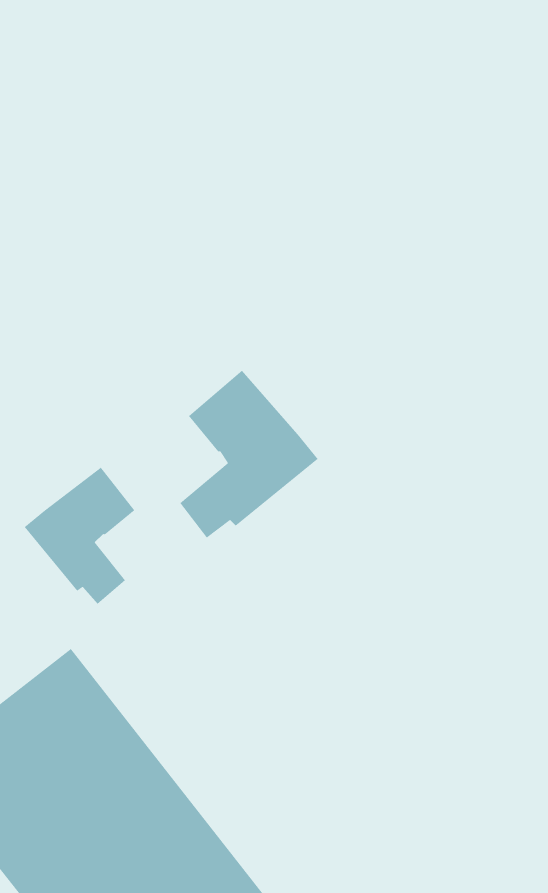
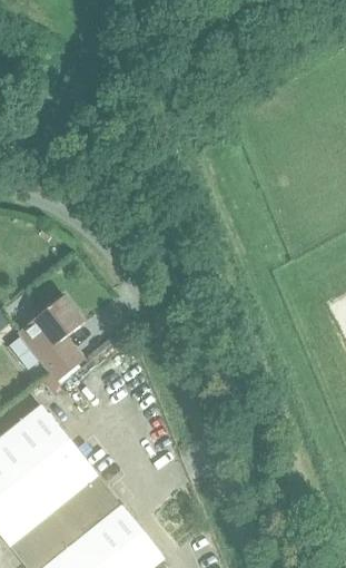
building: [179,370,319,538] -> none

